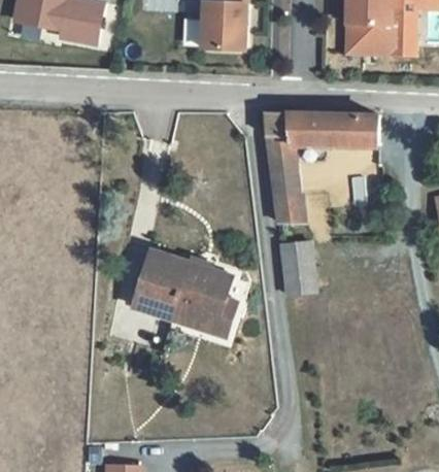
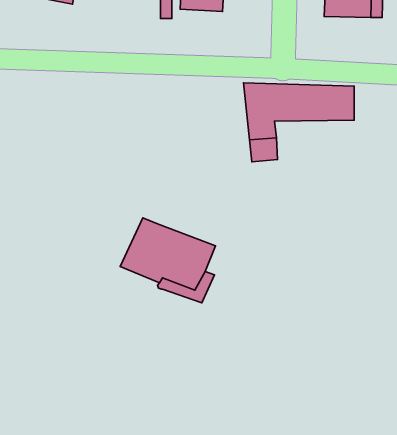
building: [273,194,302,228] -> none
building: [283,251,310,300] -> none

